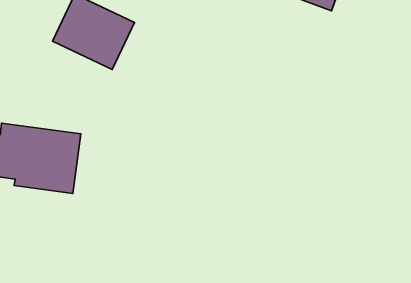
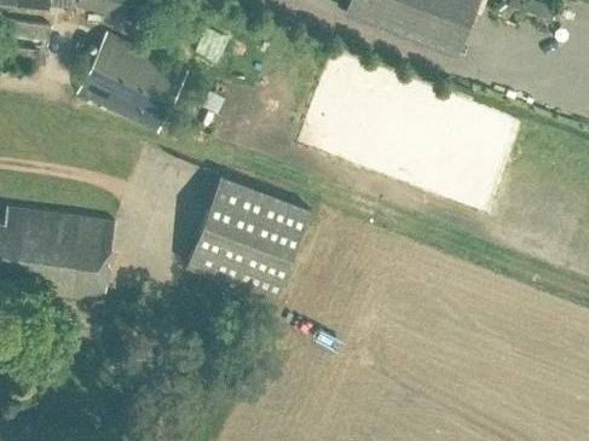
building: none -> [186,172,311,296]

